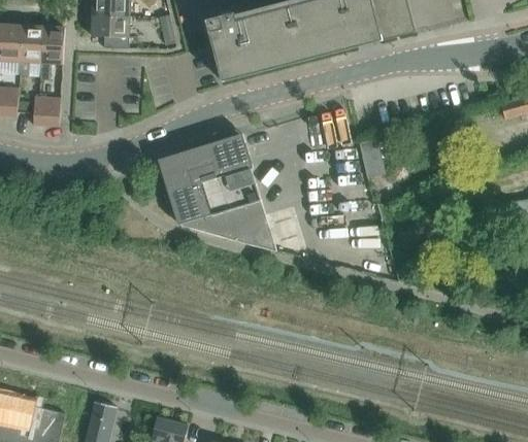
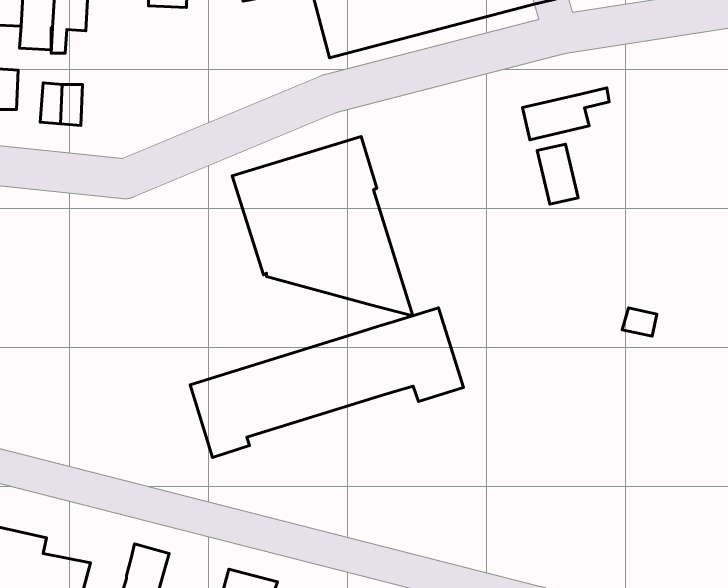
building: none -> [523,88,609,140]
building: none -> [190,308,464,457]

